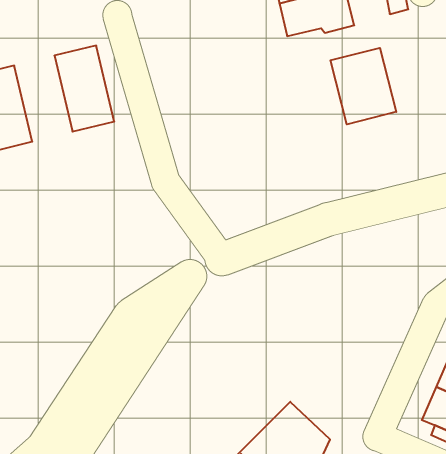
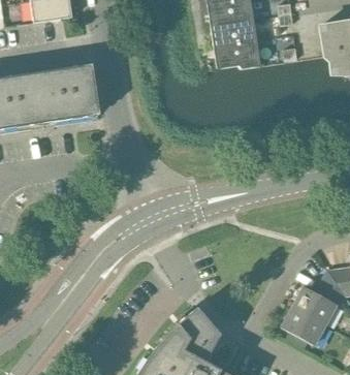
building: [330,48,396,124] -> none
building: none -> [37,67,71,122]

